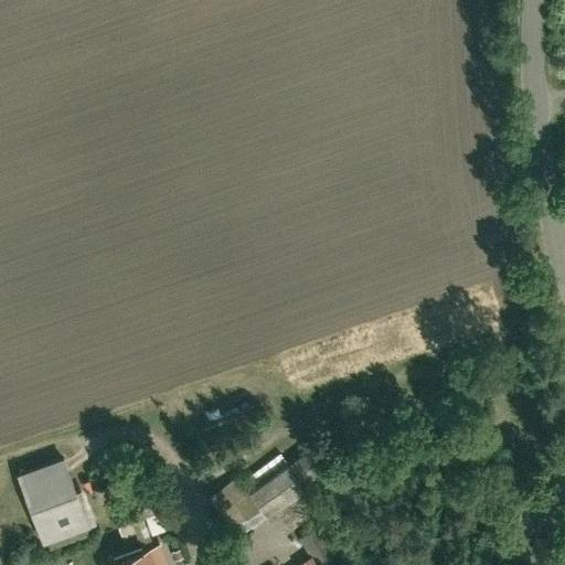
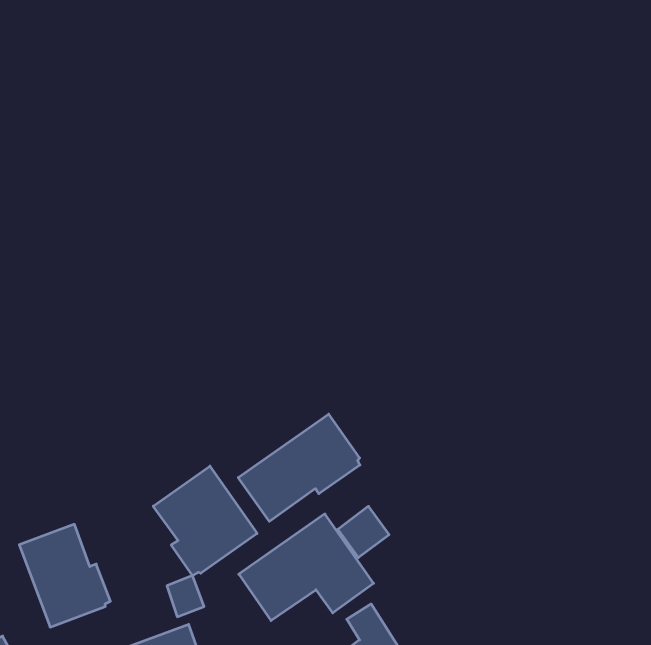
building: none -> [238,414,360,521]
building: none -> [153,466,257,576]

